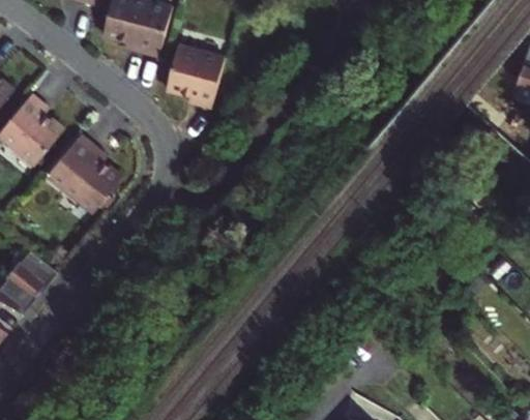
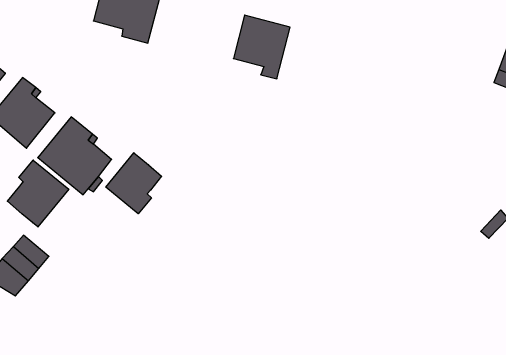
building: [165,48,223,113] -> [233,15,290,79]
building: none -> [106,153,162,214]
building: none -> [7,160,69,227]

